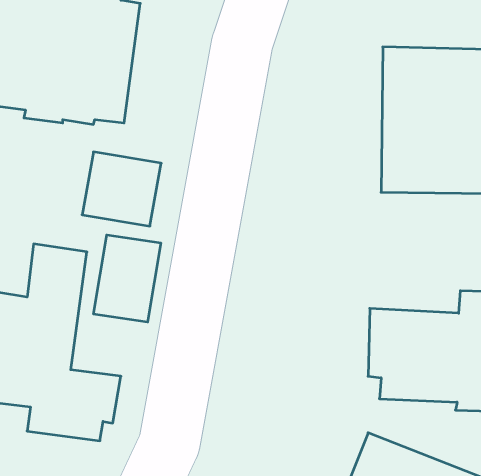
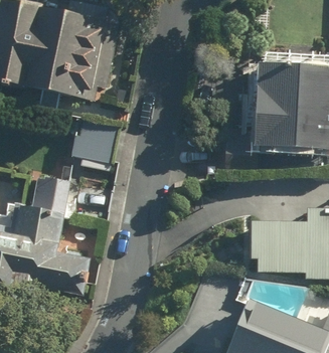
building: [94,235,161,322] -> none

